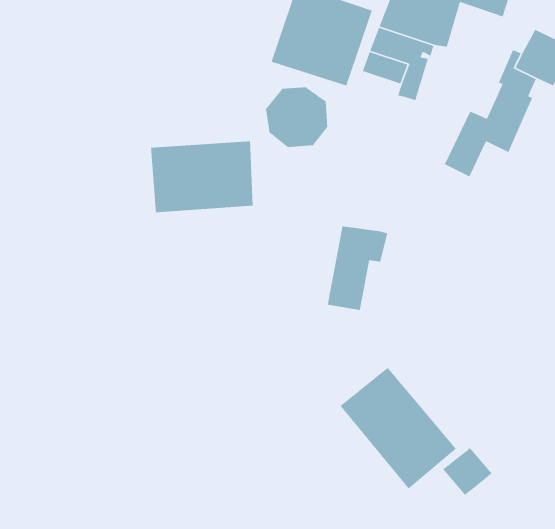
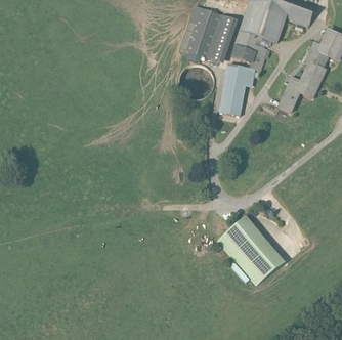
building: [150,141,253,213] -> none
building: [327,225,388,311] -> [221,65,255,112]
building: [442,447,493,496] -> none

